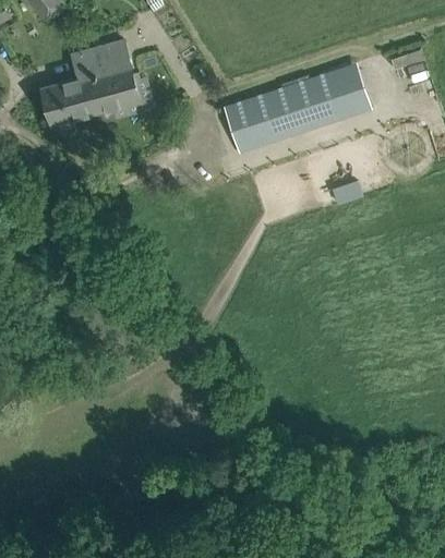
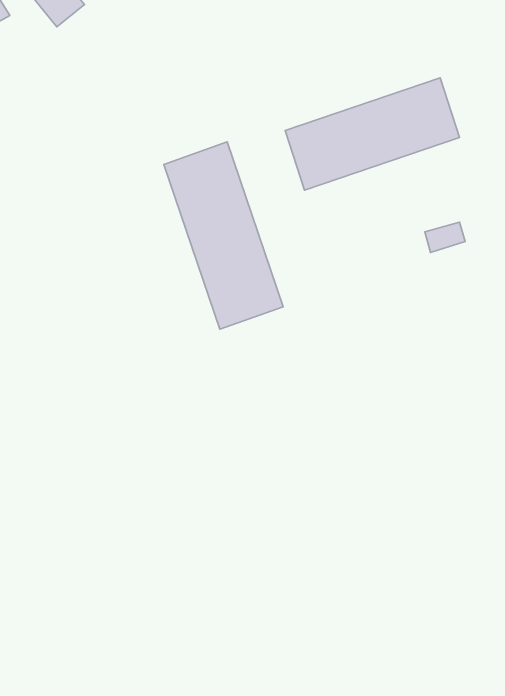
building: [41,41,140,124] -> none
building: none -> [164,142,283,329]

